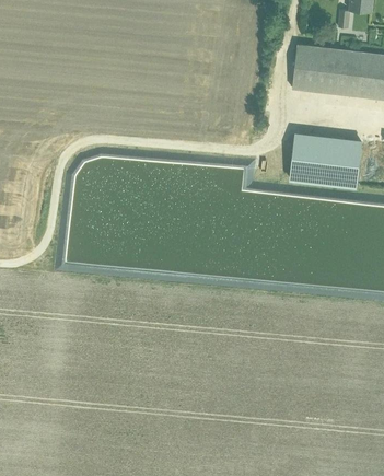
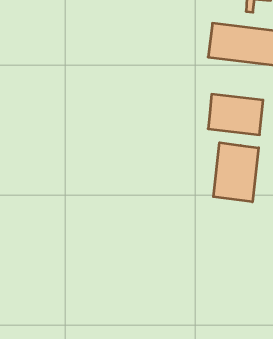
building: none -> [213,143,259,202]

